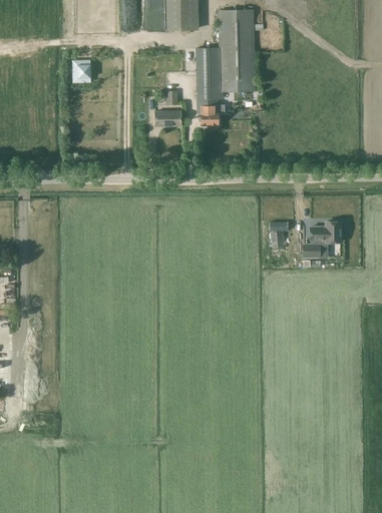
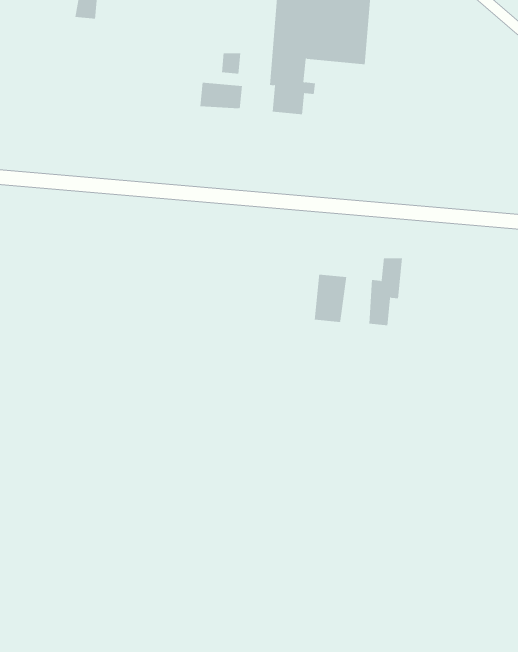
building: none -> [314,274,347,323]
building: [303,221,341,258] -> none

